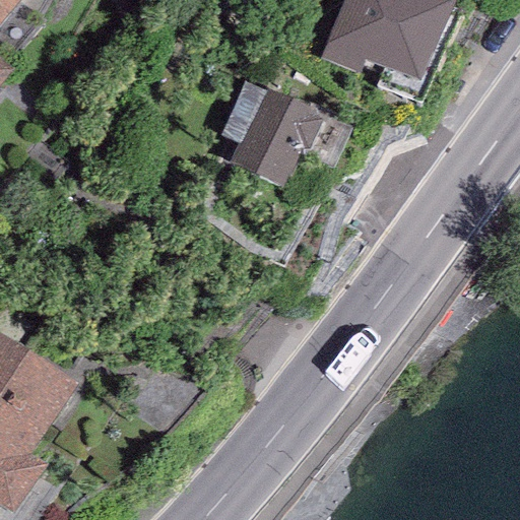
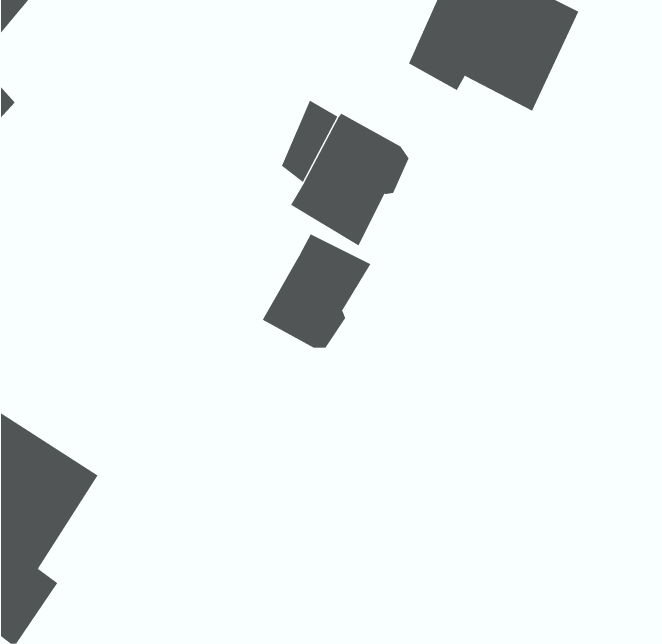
building: none -> [262,234,371,348]

